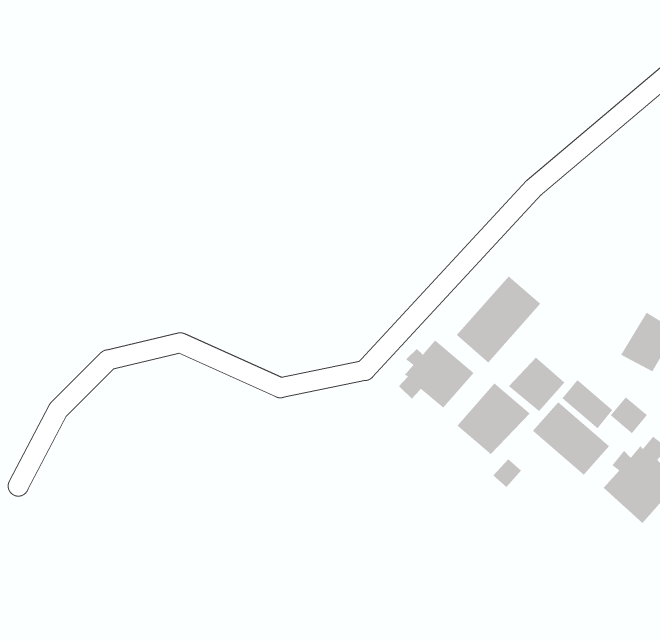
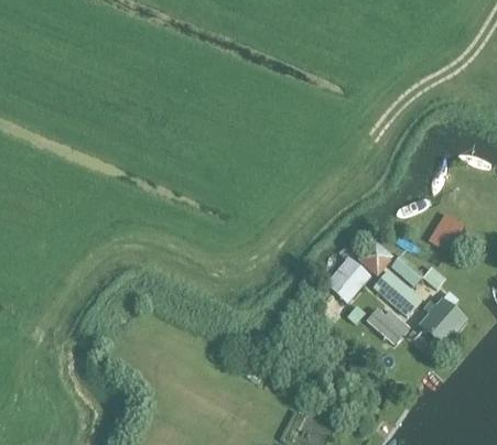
building: [456,275,541,363] -> none
building: [398,339,475,409] -> none
building: none -> [366,307,410,344]

